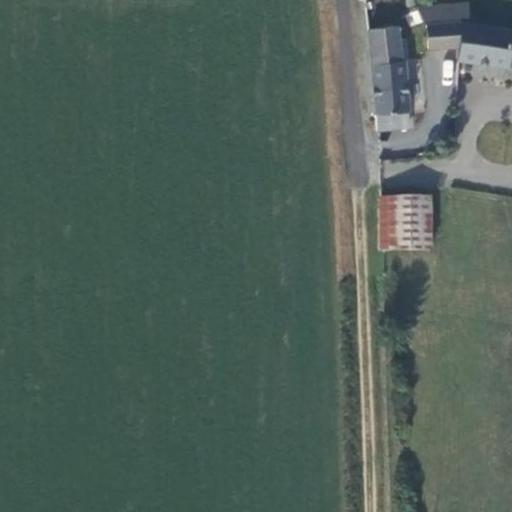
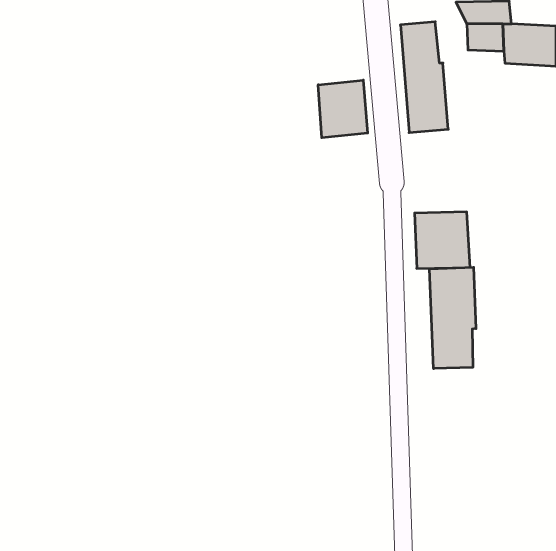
building: none -> [318,80,368,138]
building: none -> [429,267,476,369]

